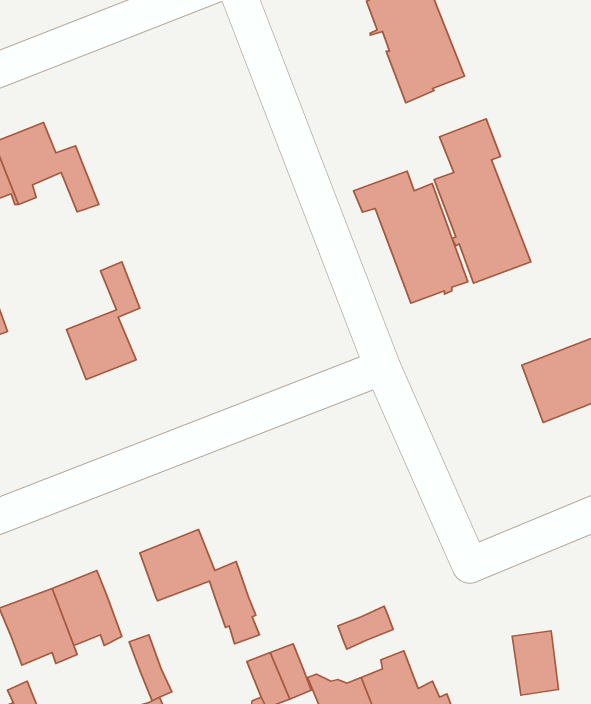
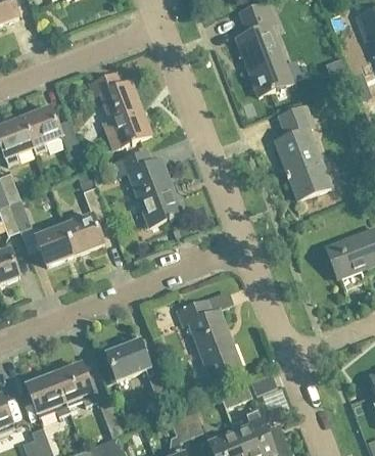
building: none -> [90,73,151,148]
building: [354,171,468,303] -> [116,150,182,226]
building: none -> [36,225,76,265]
building: none -> [177,300,241,378]
building: [512,631,558,695] -> [255,379,282,416]

